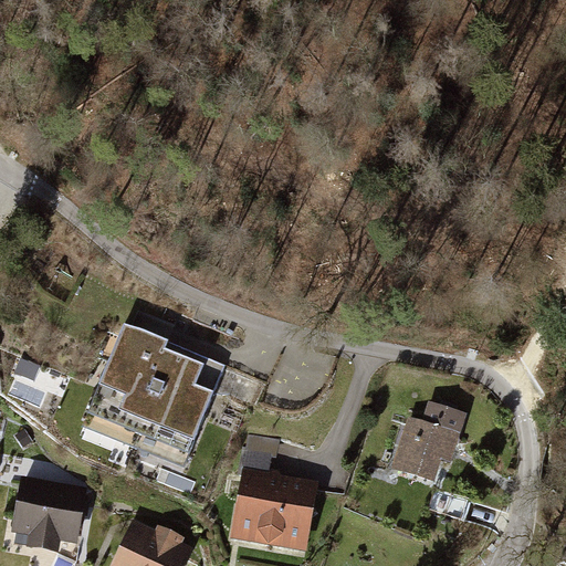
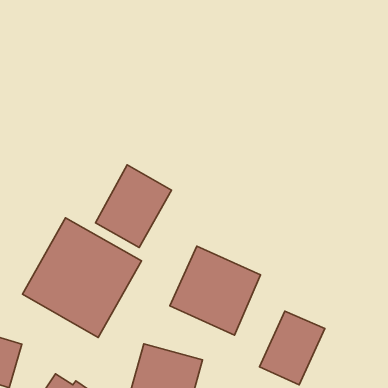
building: none -> [95,165,172,247]
building: none -> [170,246,260,335]

